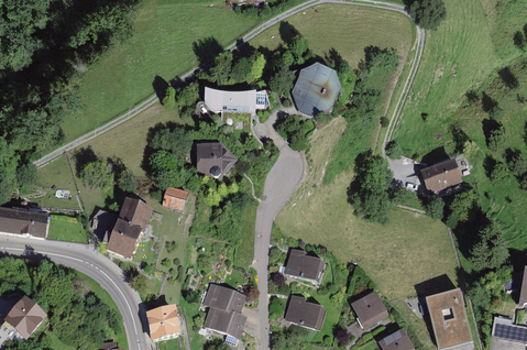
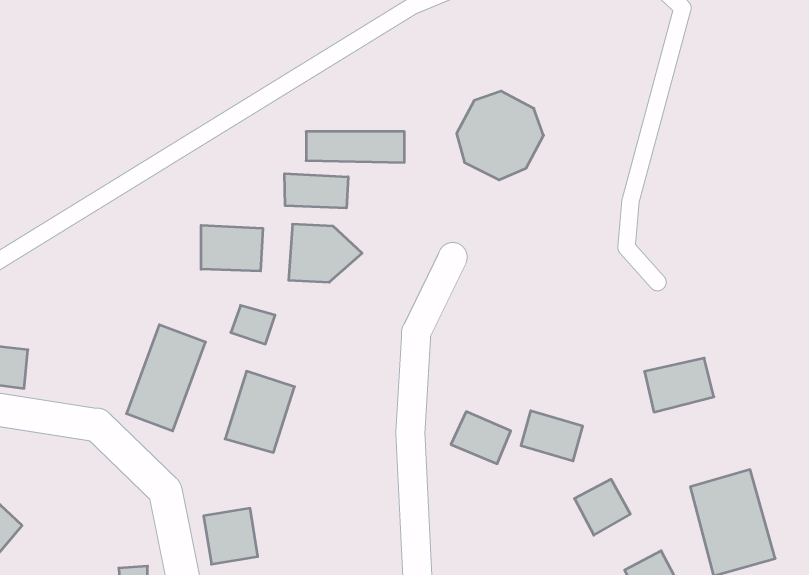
building: none -> [285,174,348,208]
building: none -> [201,225,263,271]
building: [421,161,461,192] -> [644,358,714,412]
building: [207,284,246,330] -> [225,371,295,452]
building: [289,294,325,322] -> [521,411,583,461]

